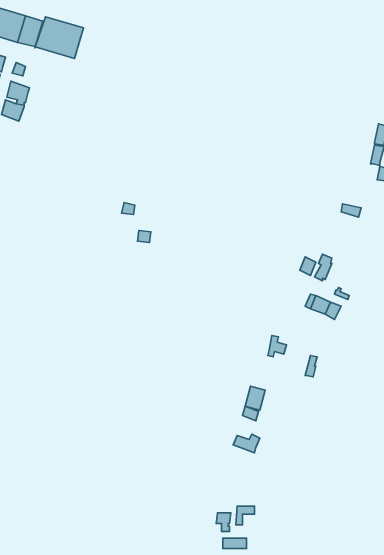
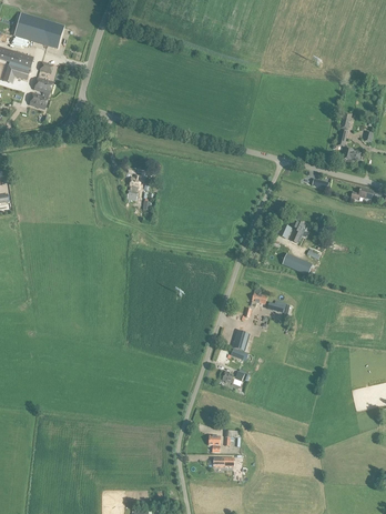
building: [35,17,84,58] -> none

